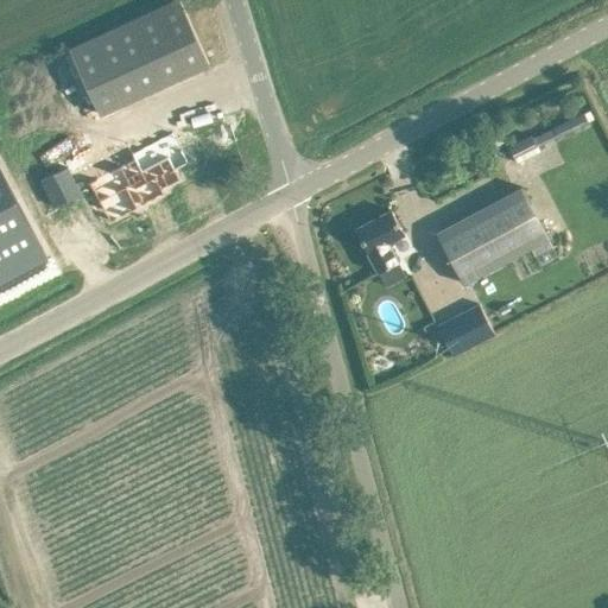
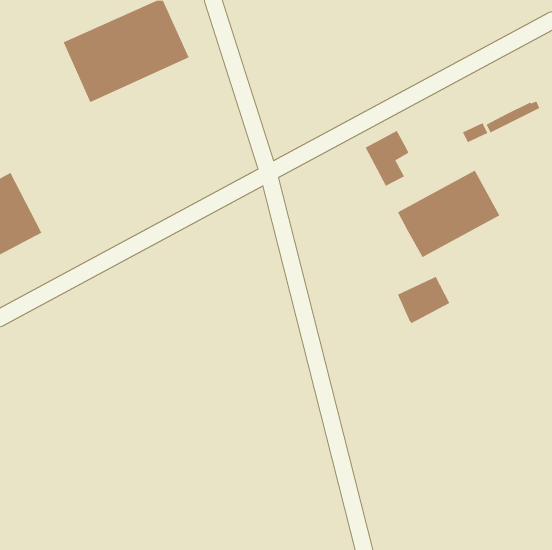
building: [96,126,197,216] -> none
building: [42,169,80,209] -> none
building: [355,213,404,274] -> [365,130,409,186]

